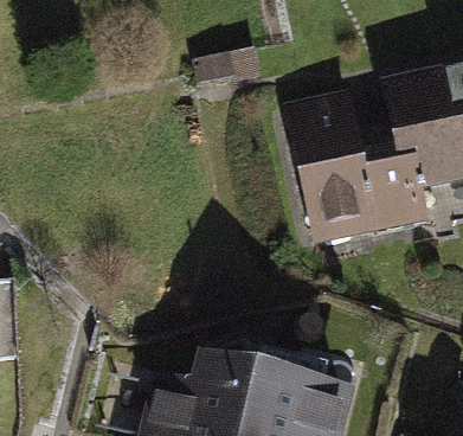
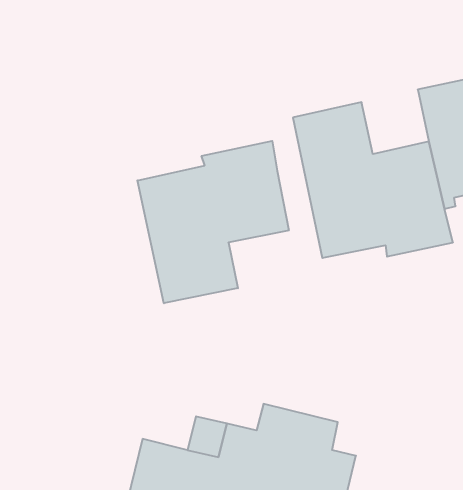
building: none -> [137,141,289,303]

